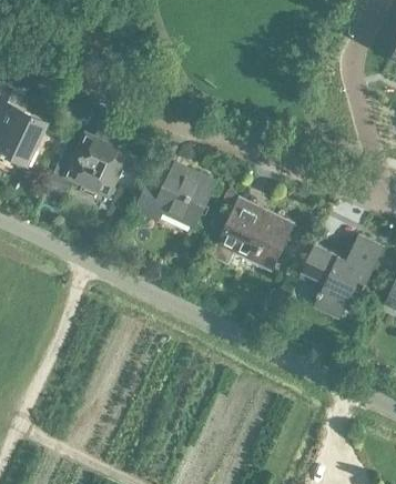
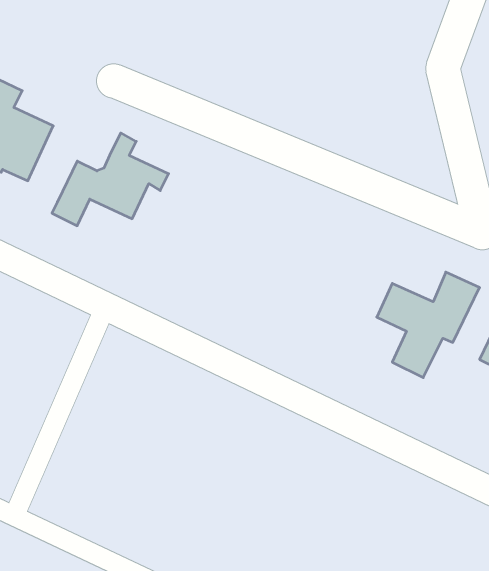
building: [134,165,215,224] -> none
building: [211,204,291,265] -> none

